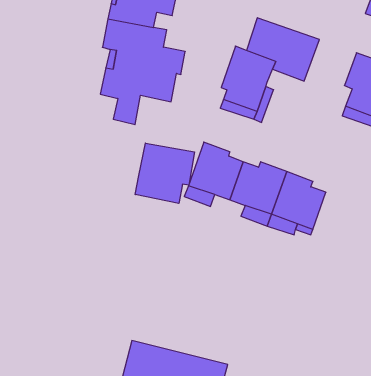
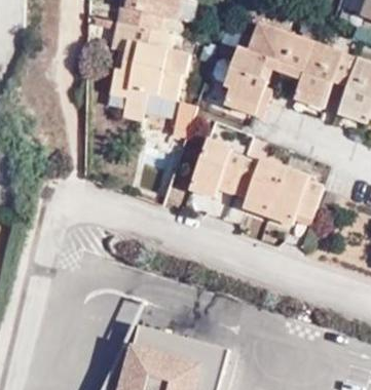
building: none -> [295,41,350,108]
building: [135,143,194,203] -> none

